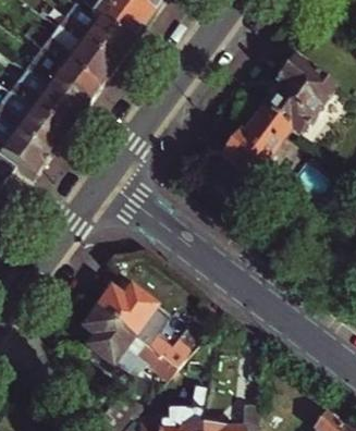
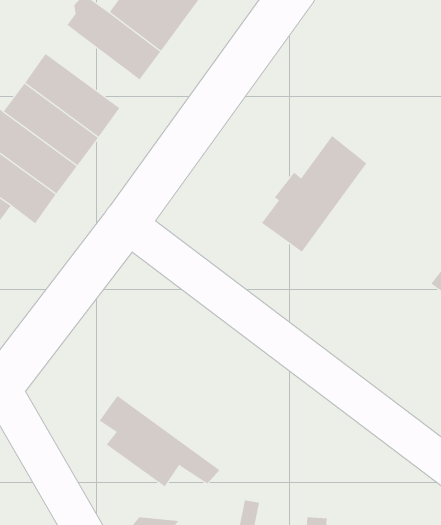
building: [42,24,115,88] -> none
building: [263,56,335,136] -> none
building: [98,280,220,367] -> none

